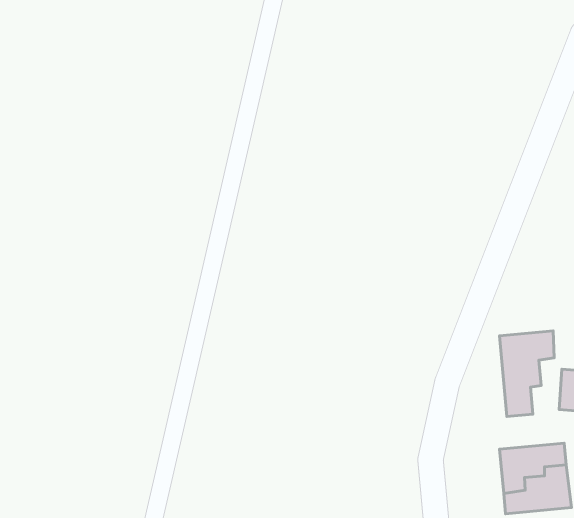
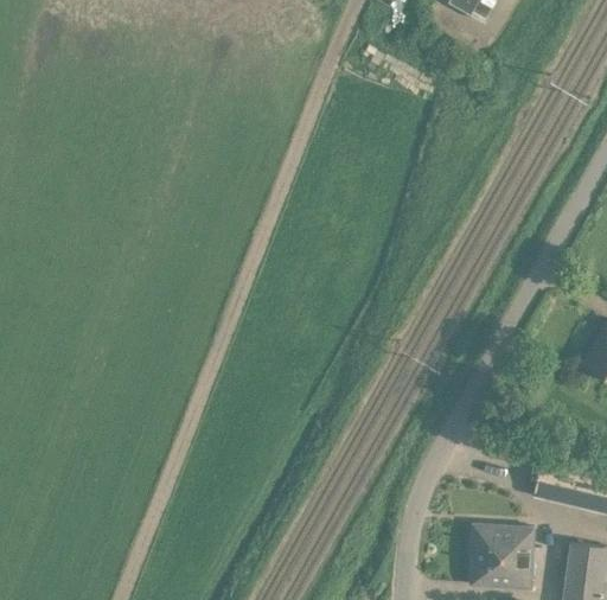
building: [499,331,554,417] -> none

